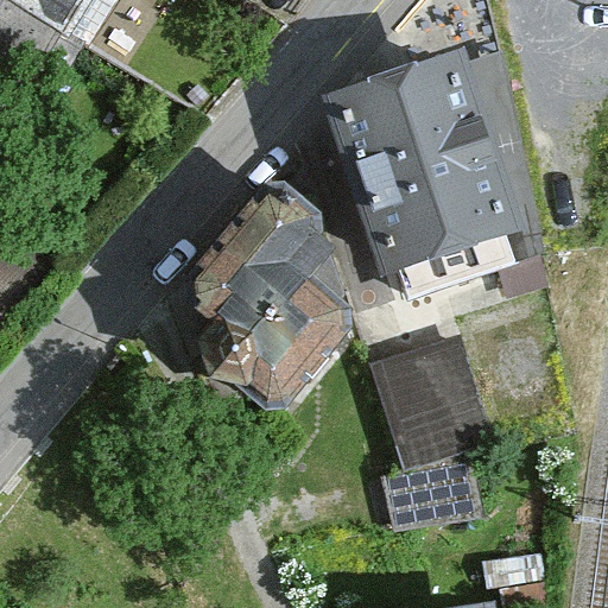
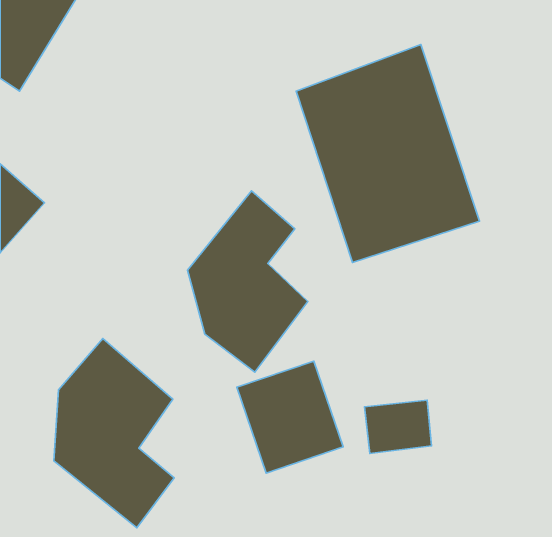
building: [373,310,489,432] -> [237,361,343,473]
building: none -> [54,338,174,528]

